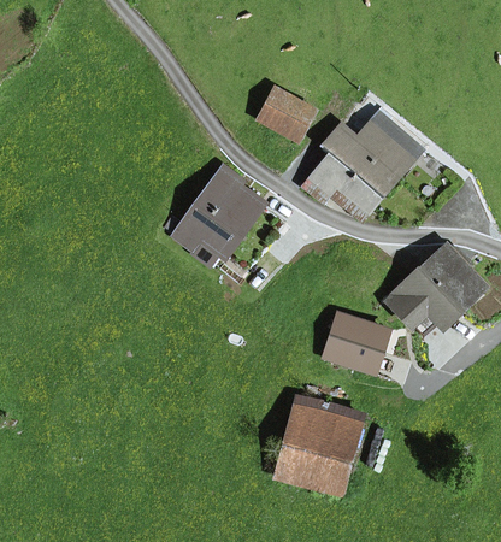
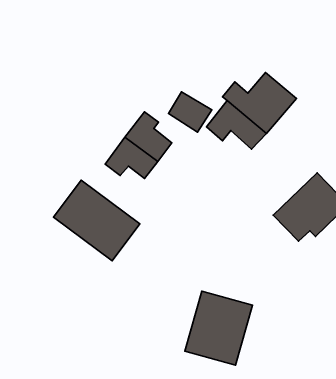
building: [259,88,314,140] -> [168,92,212,132]
building: none -> [53,180,140,261]
building: [326,314,387,372] -> none

